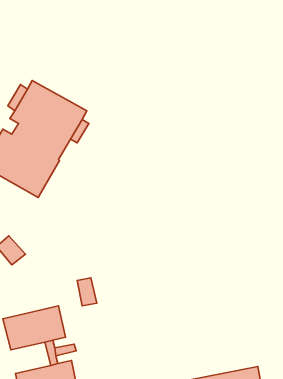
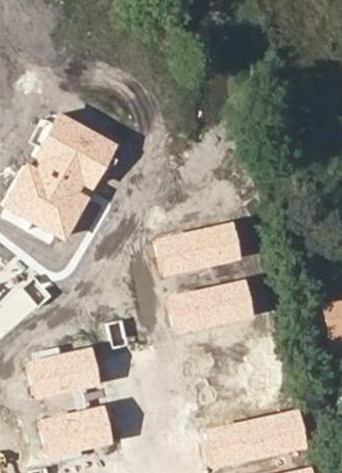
building: none -> [158,227,240,274]
building: none -> [169,285,249,333]

